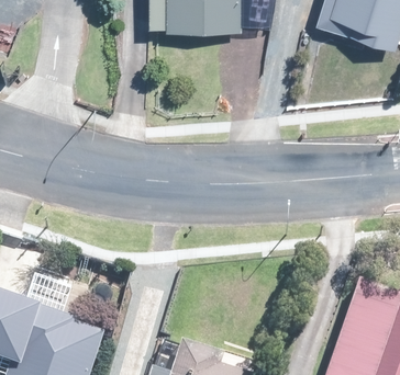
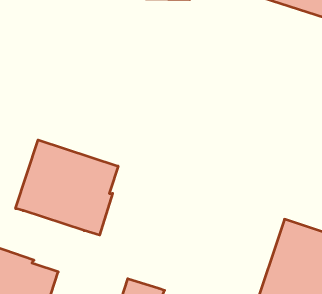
building: none -> [16,140,118,235]

